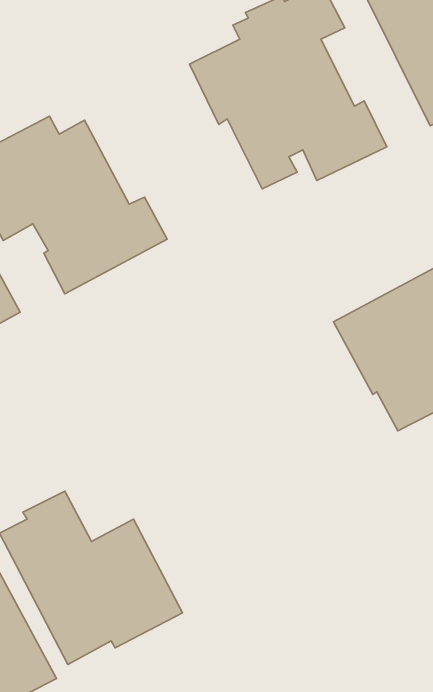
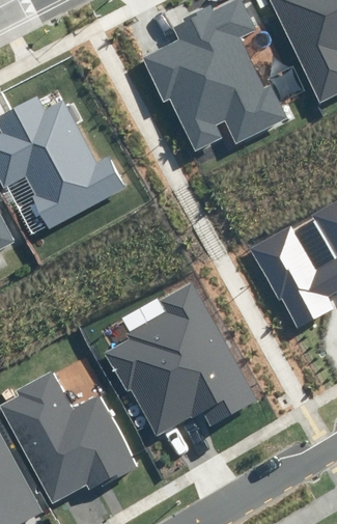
building: none -> [104,285,255,437]

